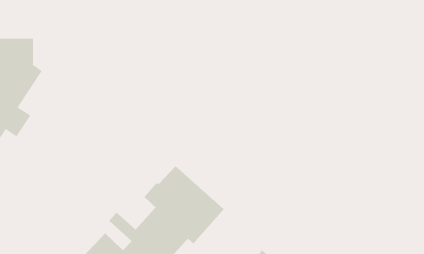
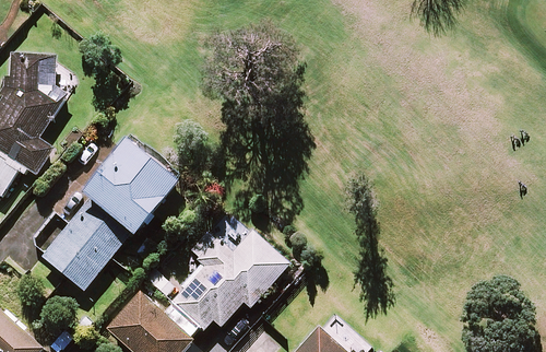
building: none -> [43,140,179,290]

